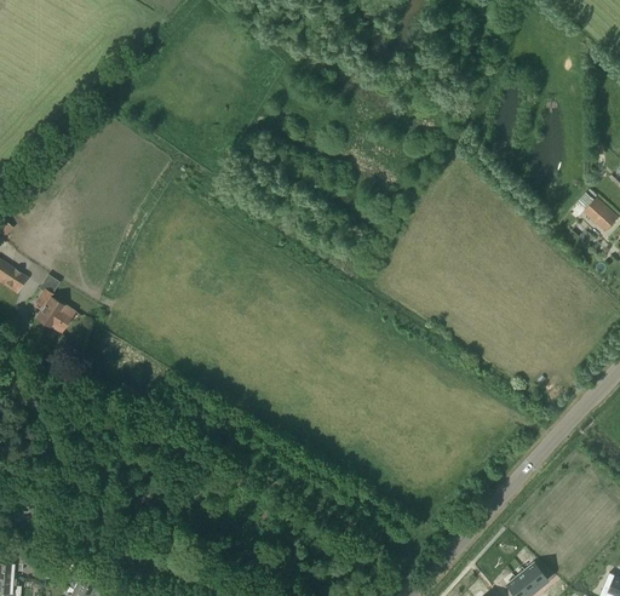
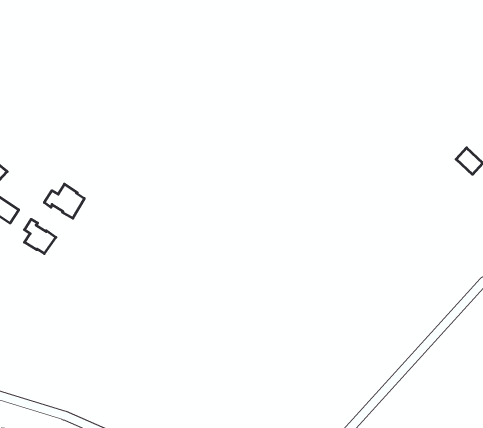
building: none -> [44,184,84,218]

